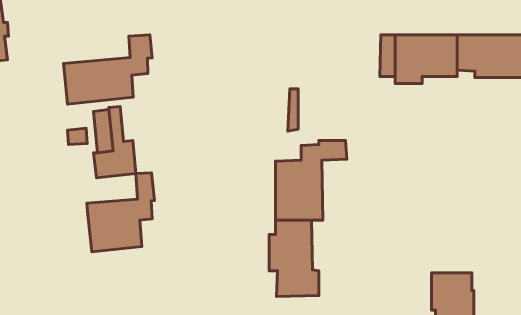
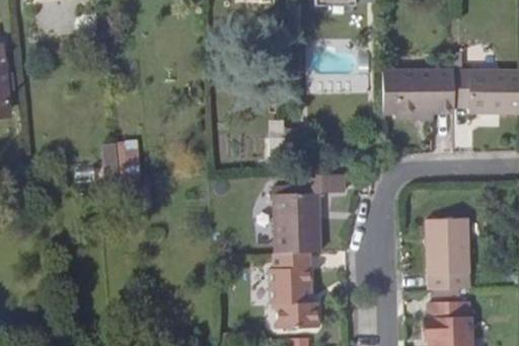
building: [63,35,152,104] -> none
building: [87,173,155,252] -> none
building: none -> [428,219,469,290]

